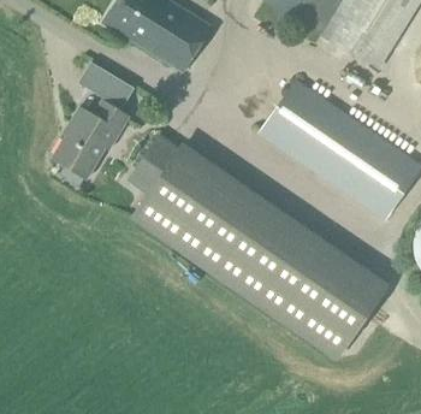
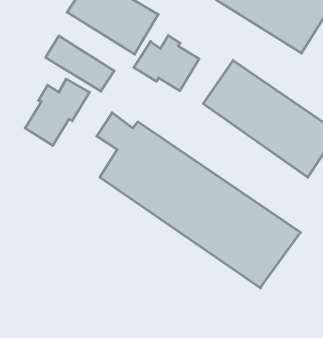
building: none -> [134,35,199,91]

